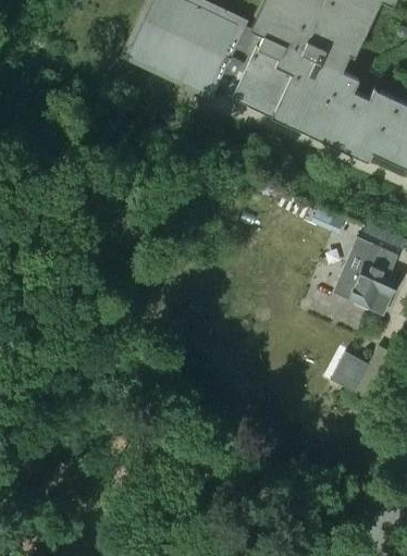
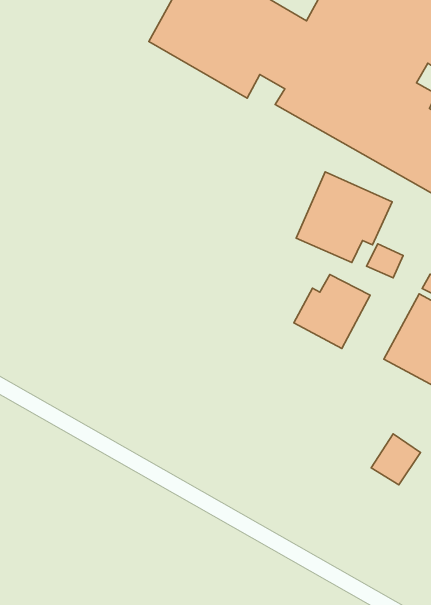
building: none -> [296,172,392,262]
building: none -> [294,274,370,349]

